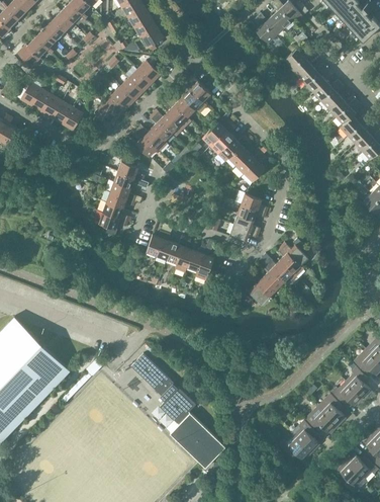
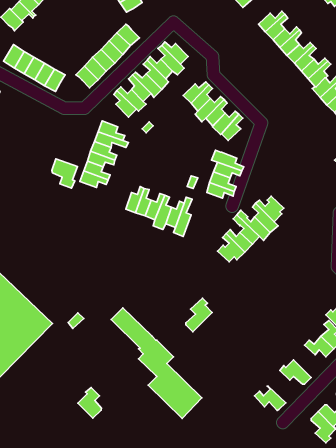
building: none -> [52,159,77,188]
building: none -> [186,298,212,332]
building: [319,394,345,426] -> none
building: [293,420,318,452] -> none
building: none -> [78,387,101,418]

